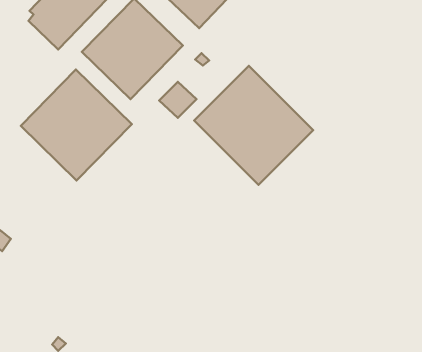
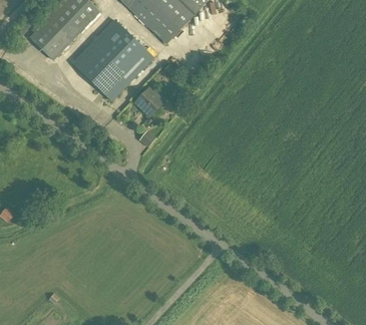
building: [194,66,313,185] -> none
building: [21,70,132,180] -> none

